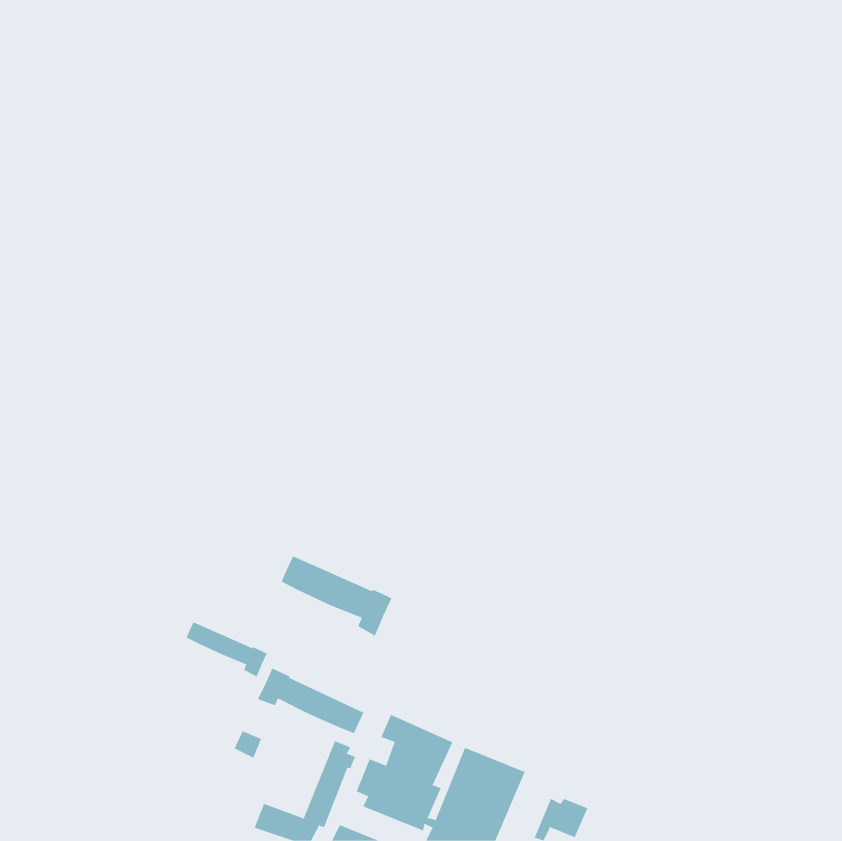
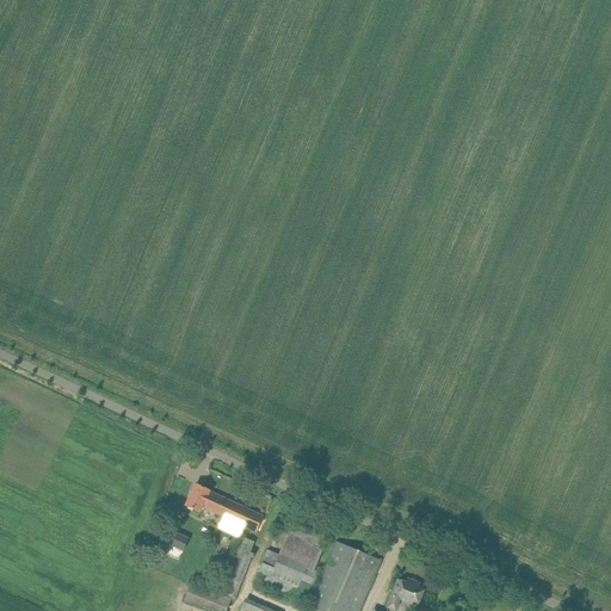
building: [281,556,392,637] -> none
building: [186,621,267,677] -> none

